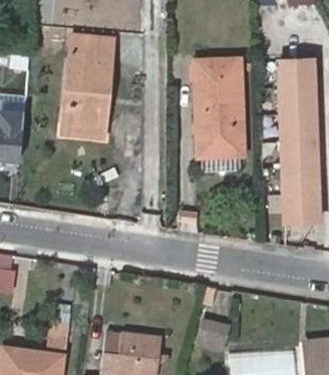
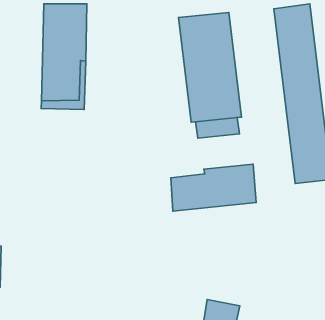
building: none -> [171,164,256,211]

